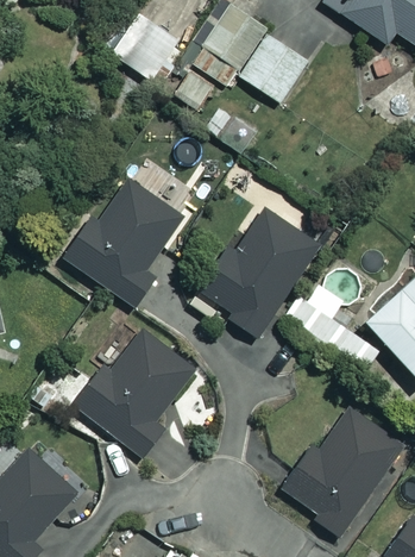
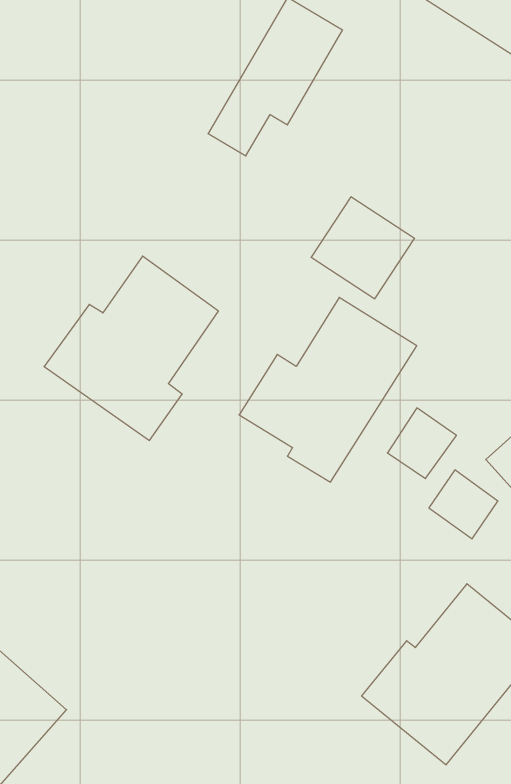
building: [117,17,181,82] -> none
building: [239,36,310,106] -> [311,197,415,299]
building: [73,330,195,457] -> none

